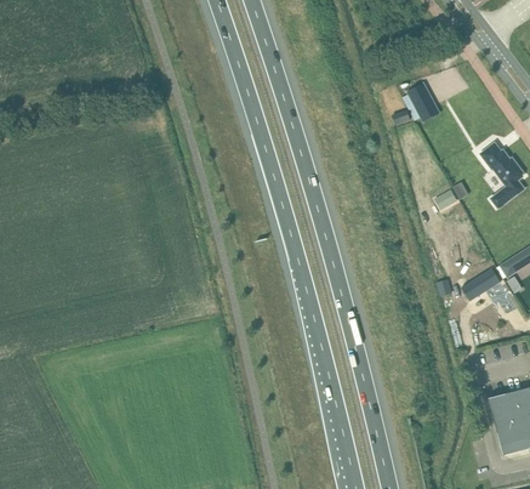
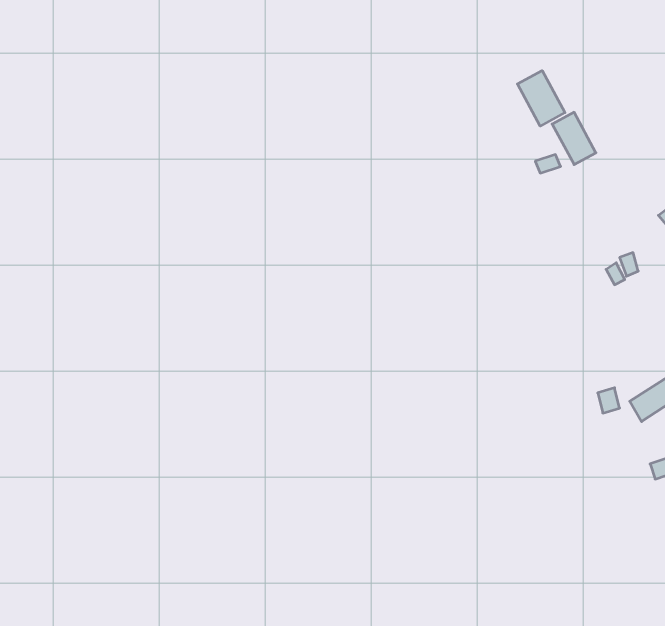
building: none -> [517,71,565,126]

